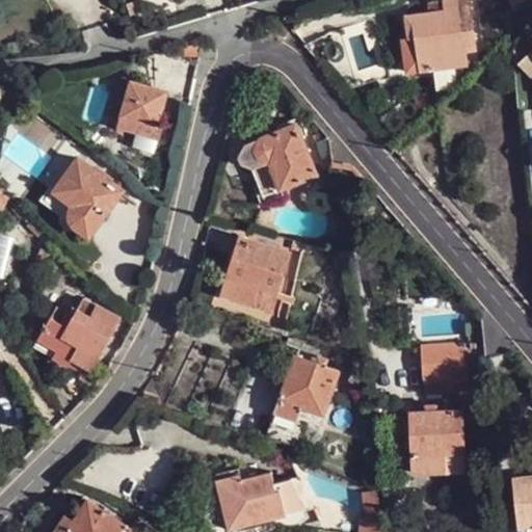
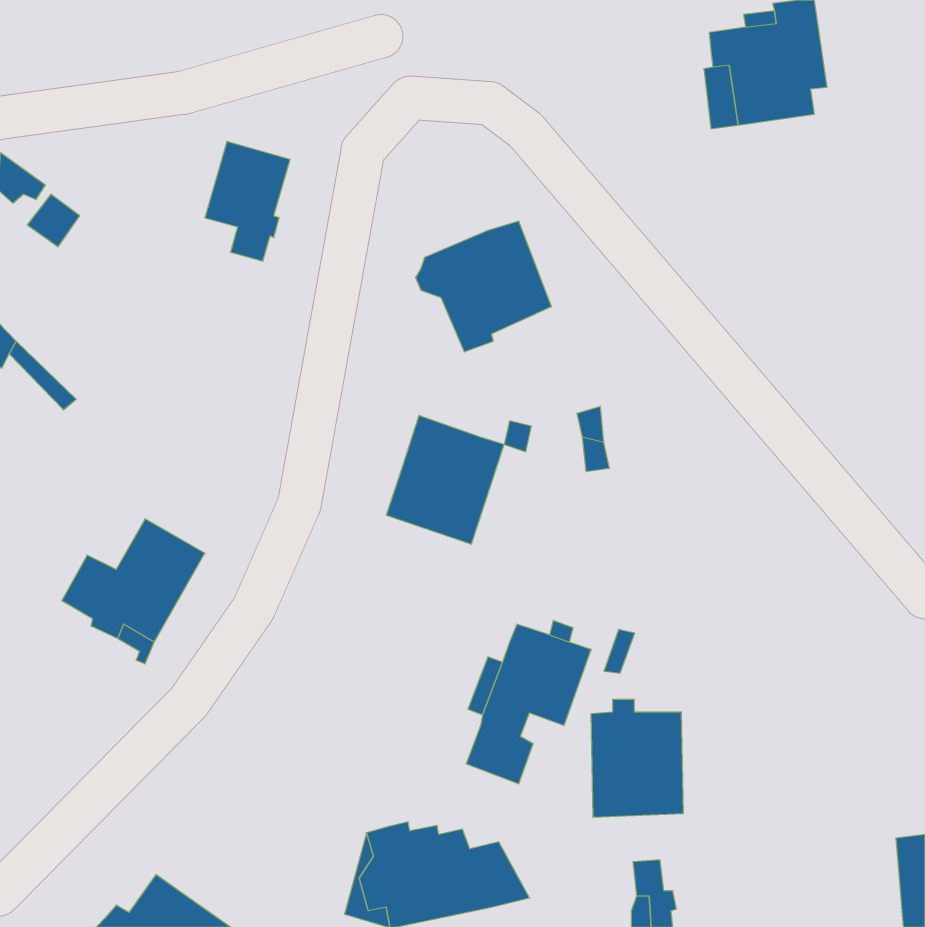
building: [38,156,123,236] -> none
building: [421,344,471,385] -> none
building: [411,406,464,474] -> [591,699,683,817]

